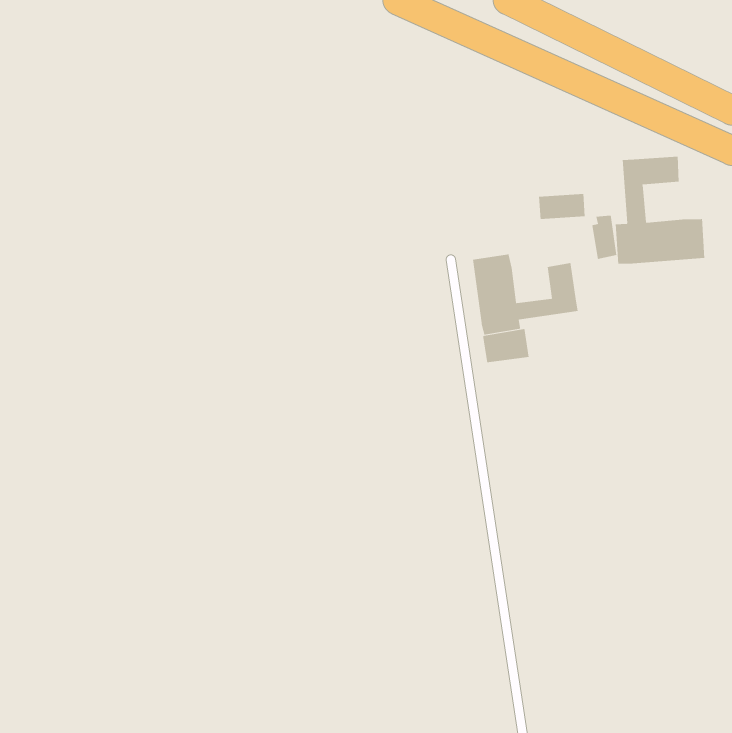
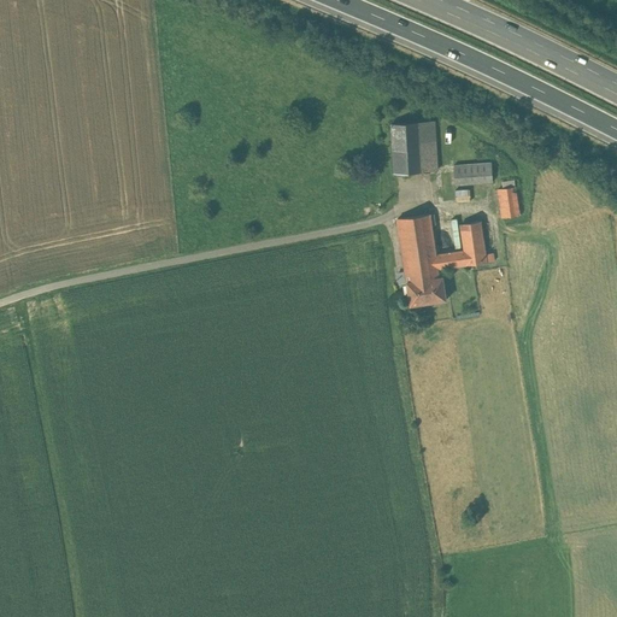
building: none -> [389,122,435,174]
building: [615,156,705,265] -> none

